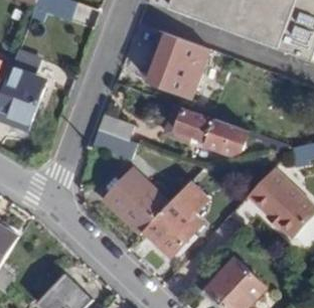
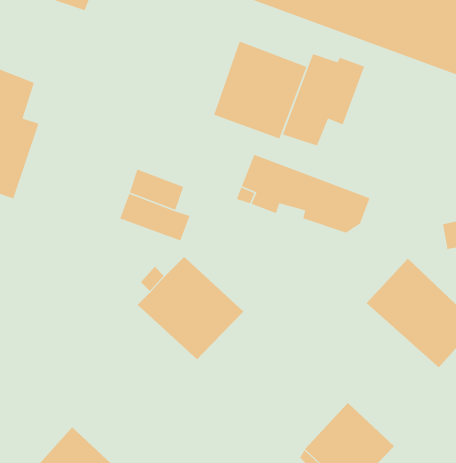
building: none -> [282,53,365,147]
building: [143,181,206,255] -> none

